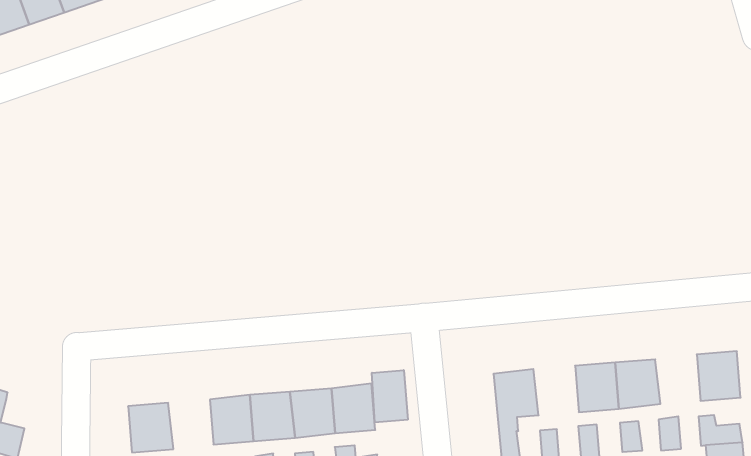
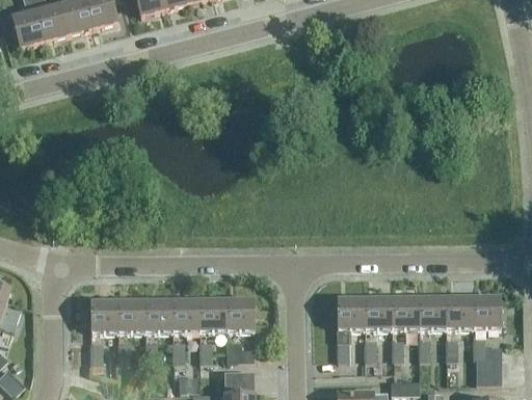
building: none -> [446,297,474,328]
building: none -> [364,298,392,329]
building: [372,370,408,422] -> none
building: none -> [117,301,145,332]

